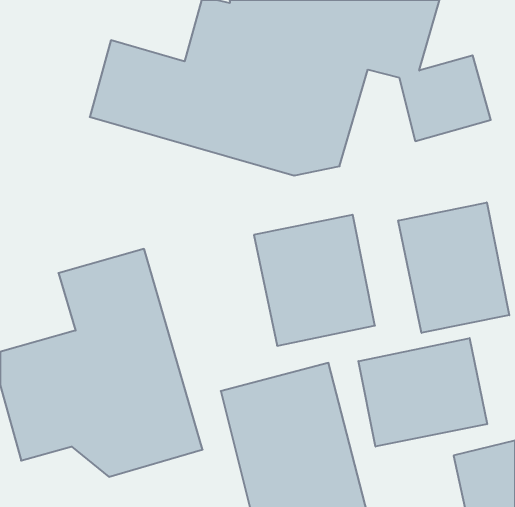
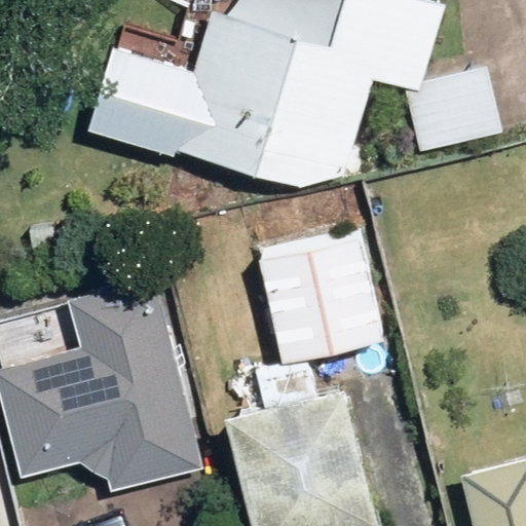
building: [398,202,509,333] -> none
building: [358,338,487,447] -> none

